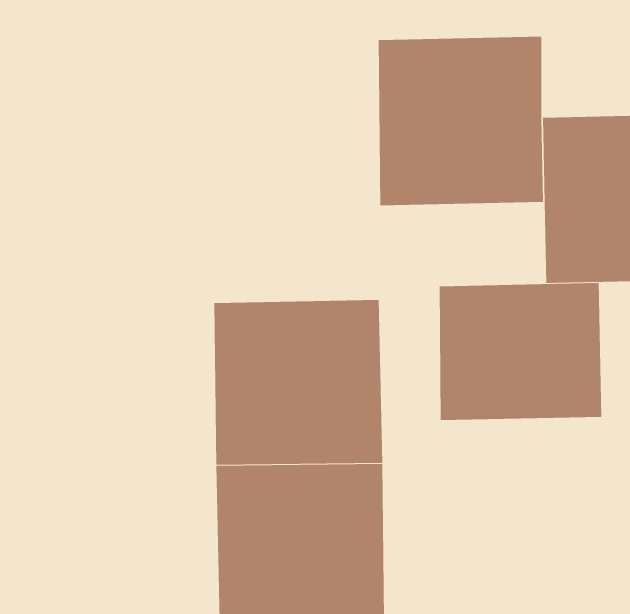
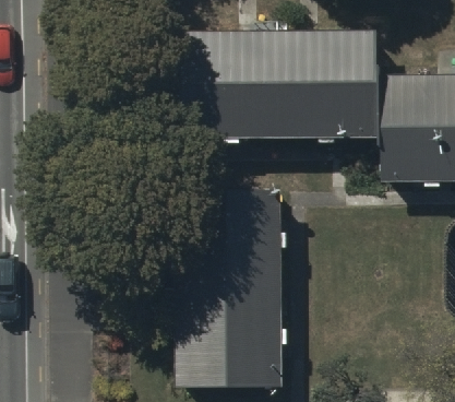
building: none -> [182,32,280,137]
building: [439,282,602,421] -> none

